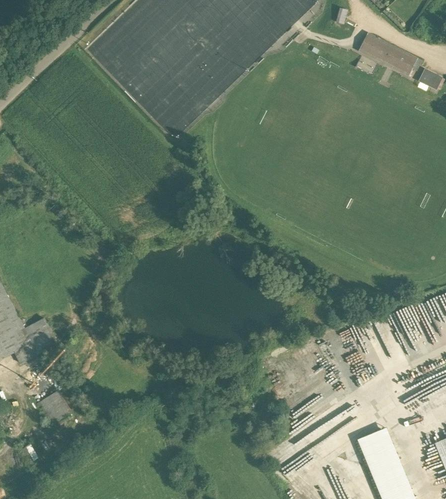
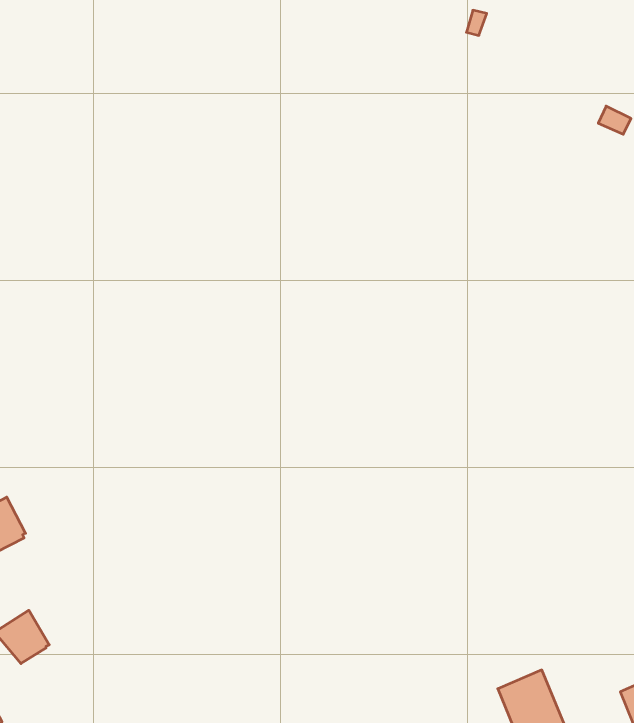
building: [364,34,418,73] -> none

